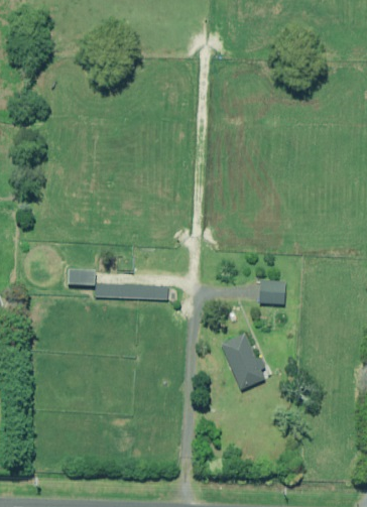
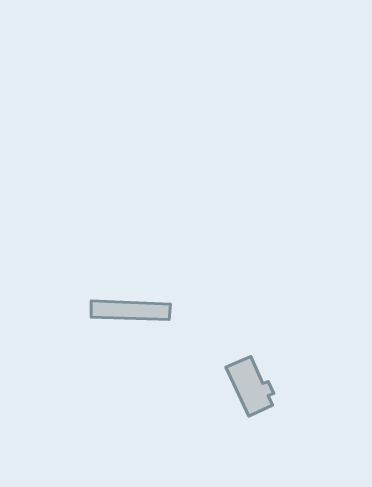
building: [65,266,91,286] -> none
building: [257,281,286,304] -> none

